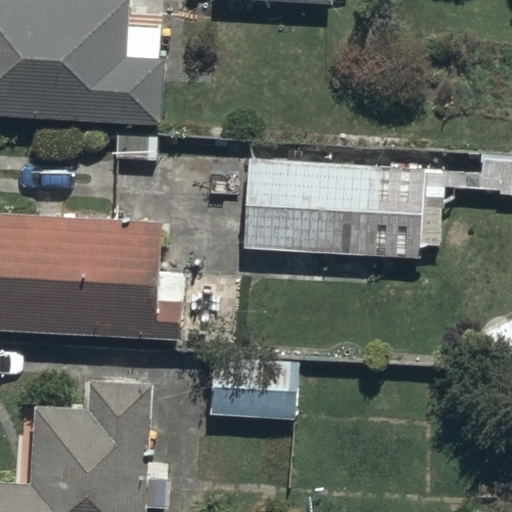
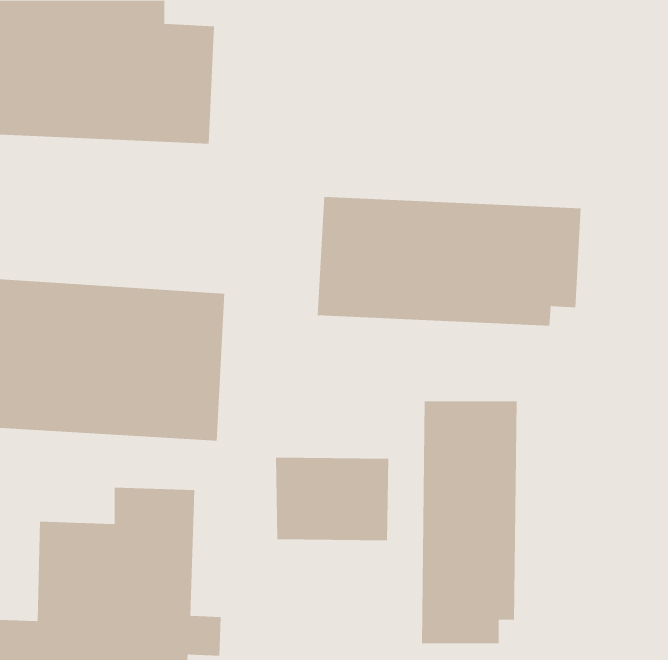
building: none -> [421,401,517,644]

